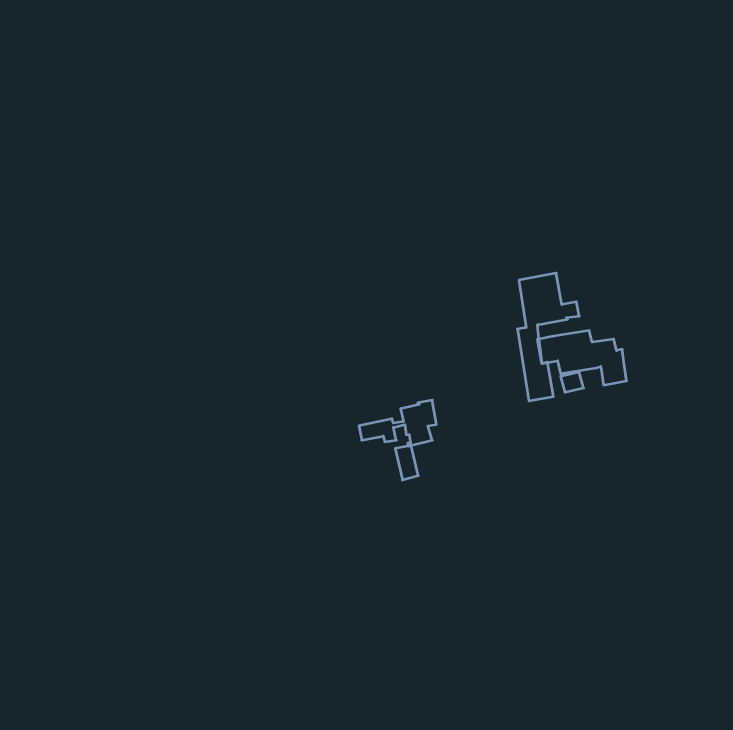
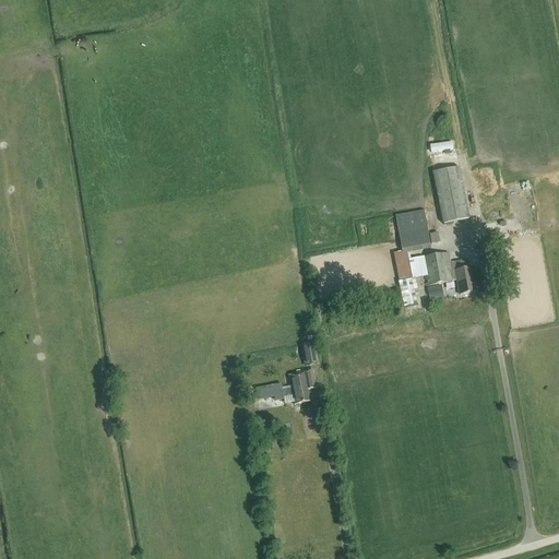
building: none -> [432,165,469,223]
building: [359,400,436,446] -> [255,367,314,402]

